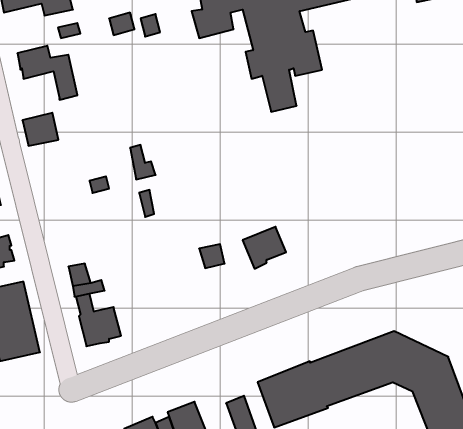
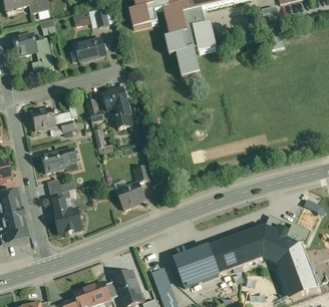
building: none -> [75,36,107,61]
building: [22,113,58,146] -> [31,106,55,128]
building: none -> [103,86,132,127]
building: none -> [40,146,77,172]
building: [243,227,286,269] -> [116,181,145,209]

